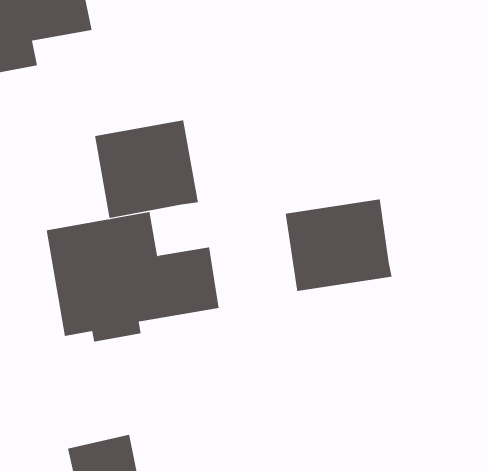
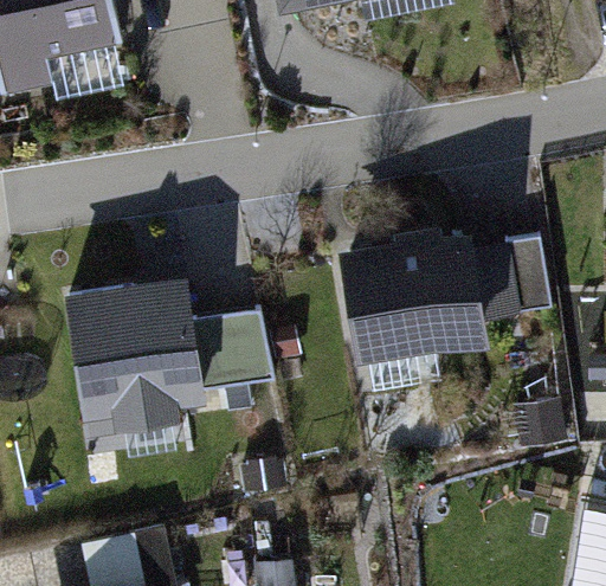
building: [94,119,198,219] -> none
building: none -> [466,244,552,331]

